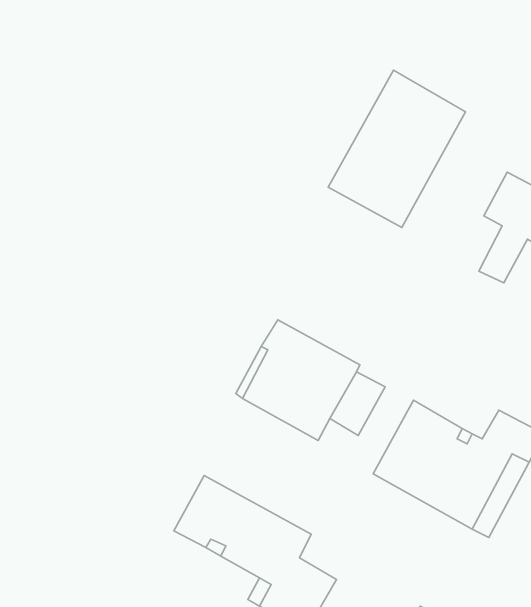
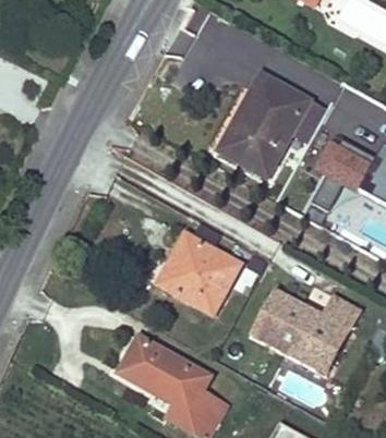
building: none -> [289,99,328,145]

